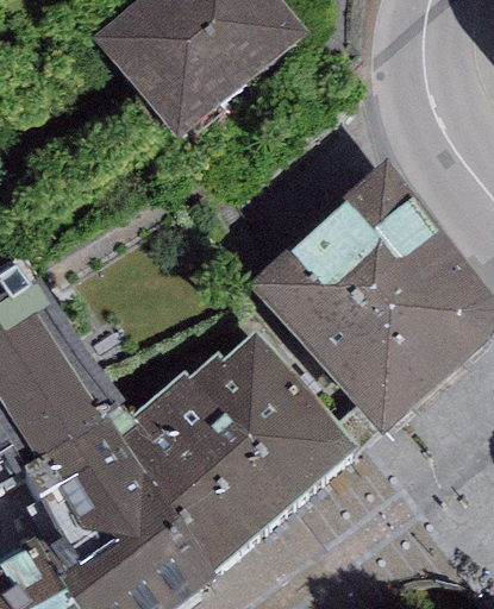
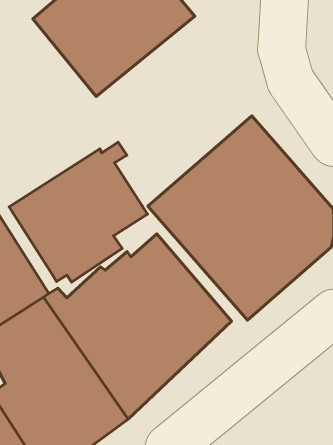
building: none -> [9,142,147,282]

